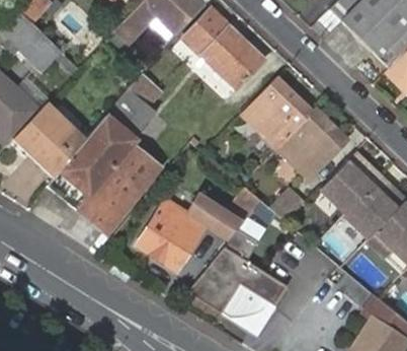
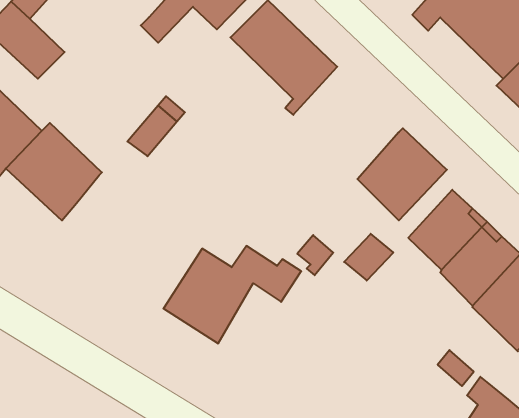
building: [247,79,312,145] -> none
building: [49,129,162,233] -> none
building: [190,227,290,315] -> none

